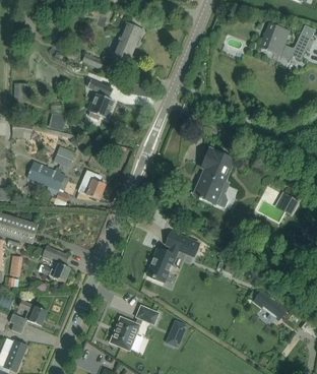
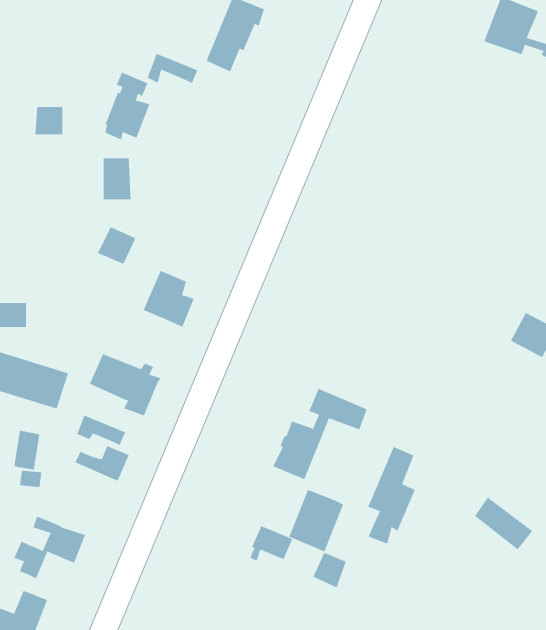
building: [88,83,113,120] -> [104,72,150,140]
building: [194,149,233,207] -> none
building: [26,162,65,195] -> [89,353,161,416]
building: none -> [368,446,415,545]
building: [109,317,138,351] -> [289,489,344,552]

